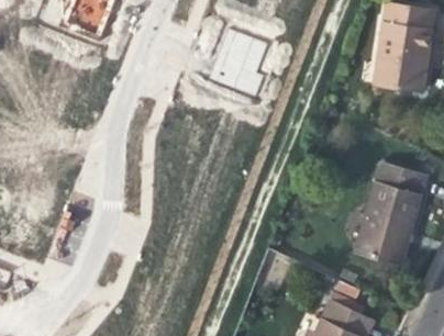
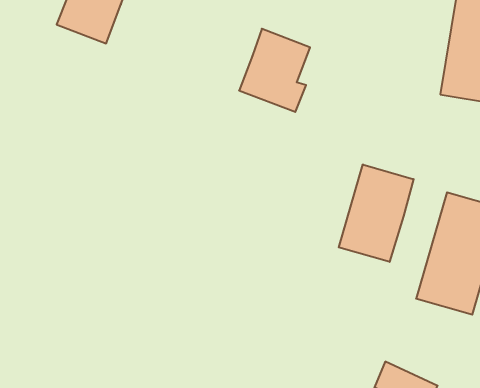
building: none -> [339,164,414,262]

